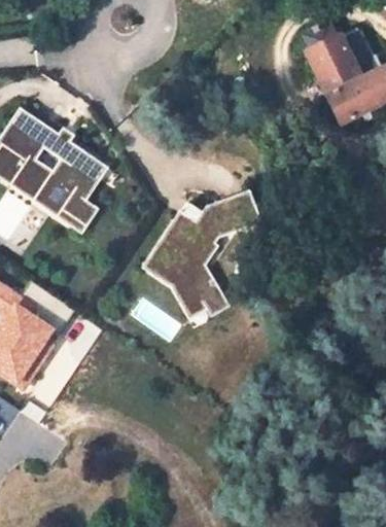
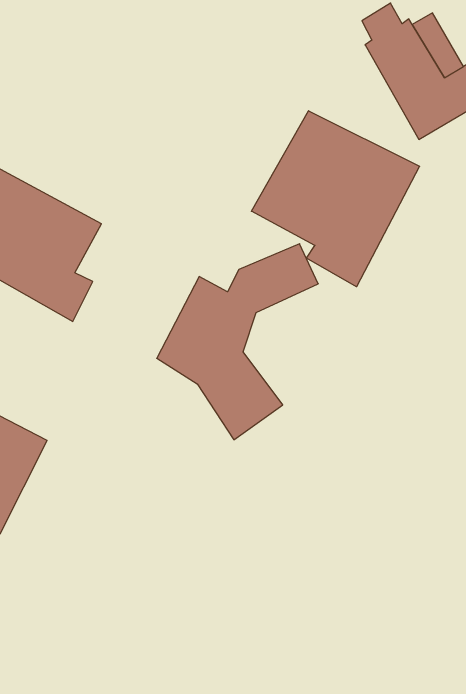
building: none -> [251,111,420,287]

